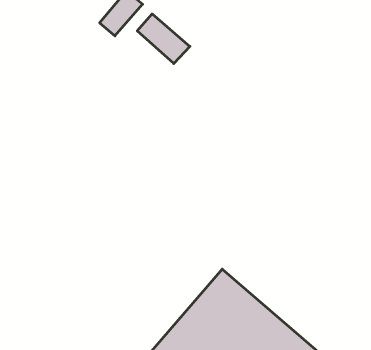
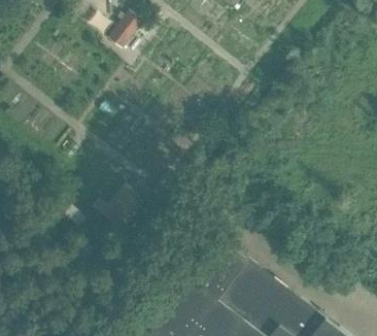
building: [137,14,190,64] -> none

